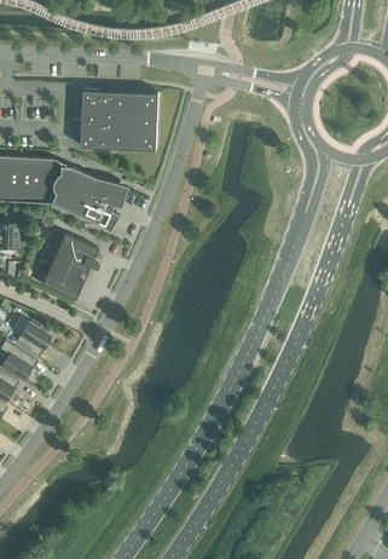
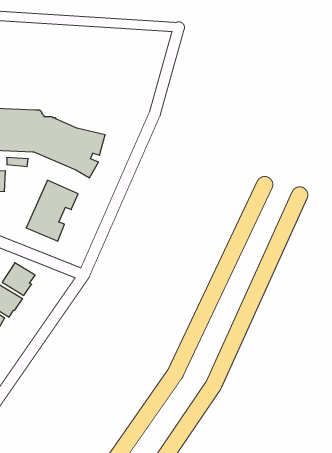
building: [81,90,158,150] -> none

